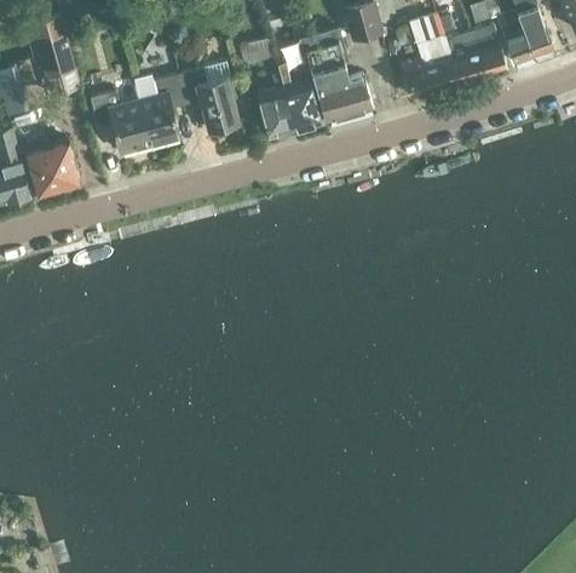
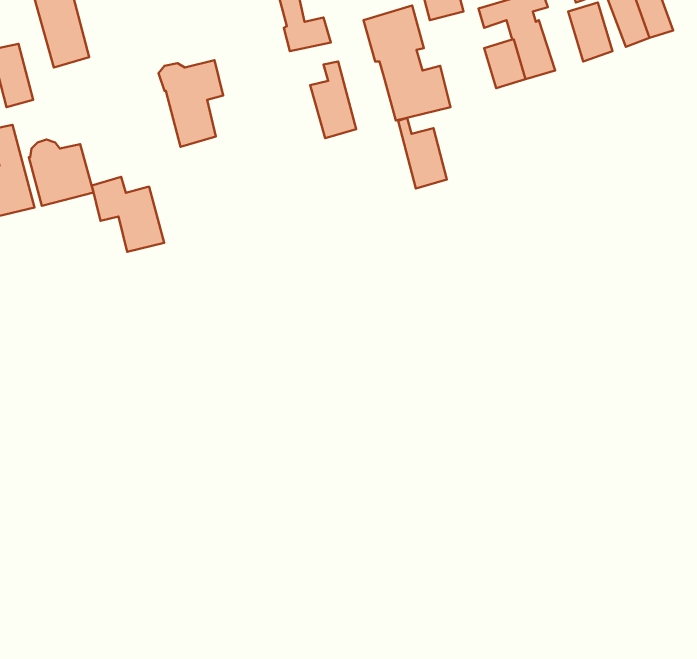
building: [443,35,479,84] -> none
building: [177,63,237,130] -> none
building: [278,74,318,132] -> [398,118,447,188]
building: [90,92,149,154] -> [92,177,164,252]

